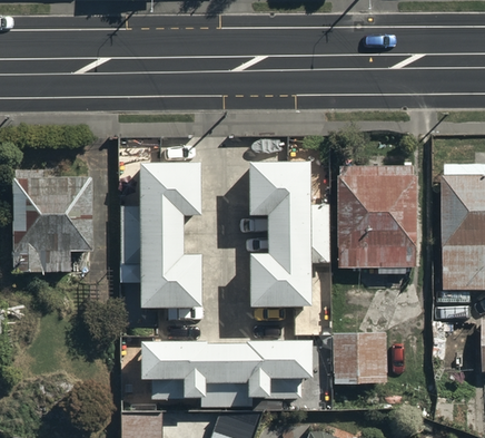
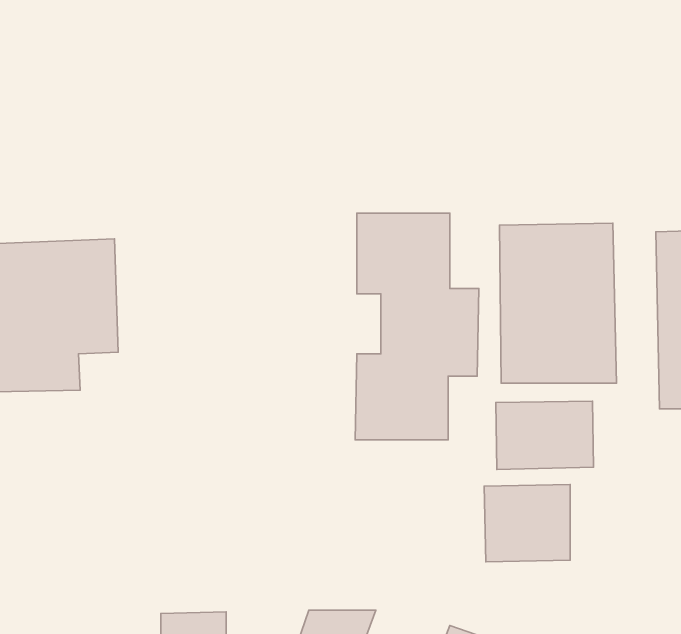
building: [121,158,198,304] -> none
building: none -> [496,401,593,470]
building: [140,339,309,399] -> none

